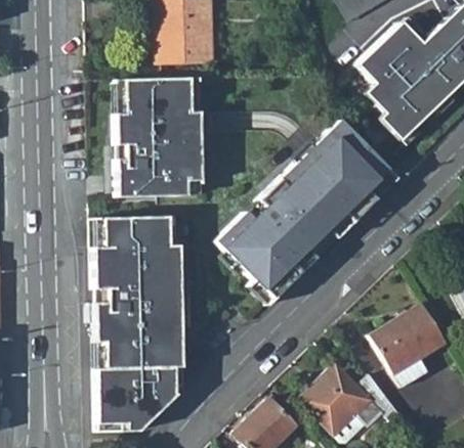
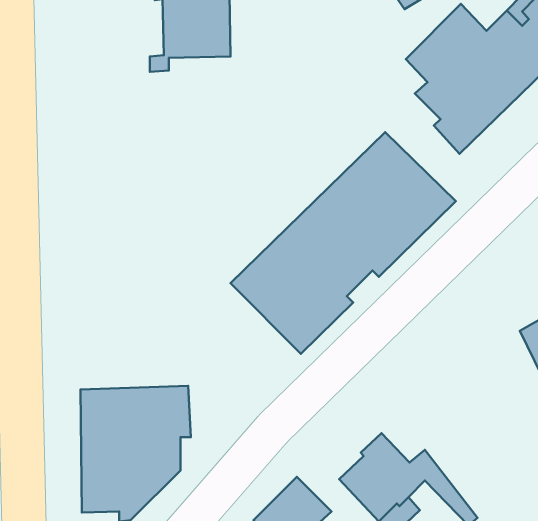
building: [115,79,199,196] -> none
building: [92,217,180,327] -> none
building: [368,303,445,387] -> none

